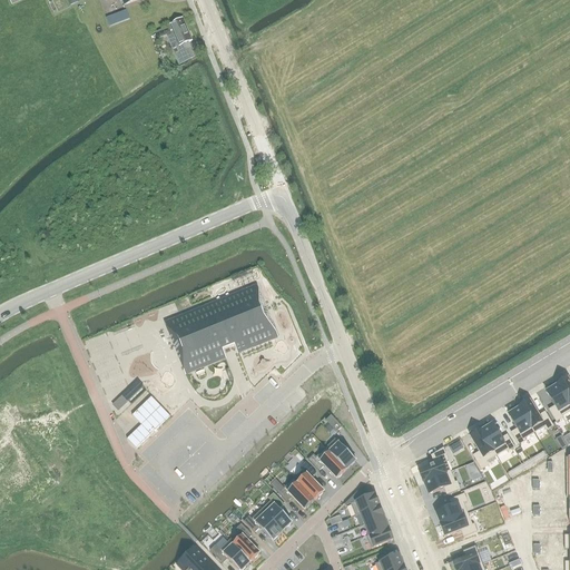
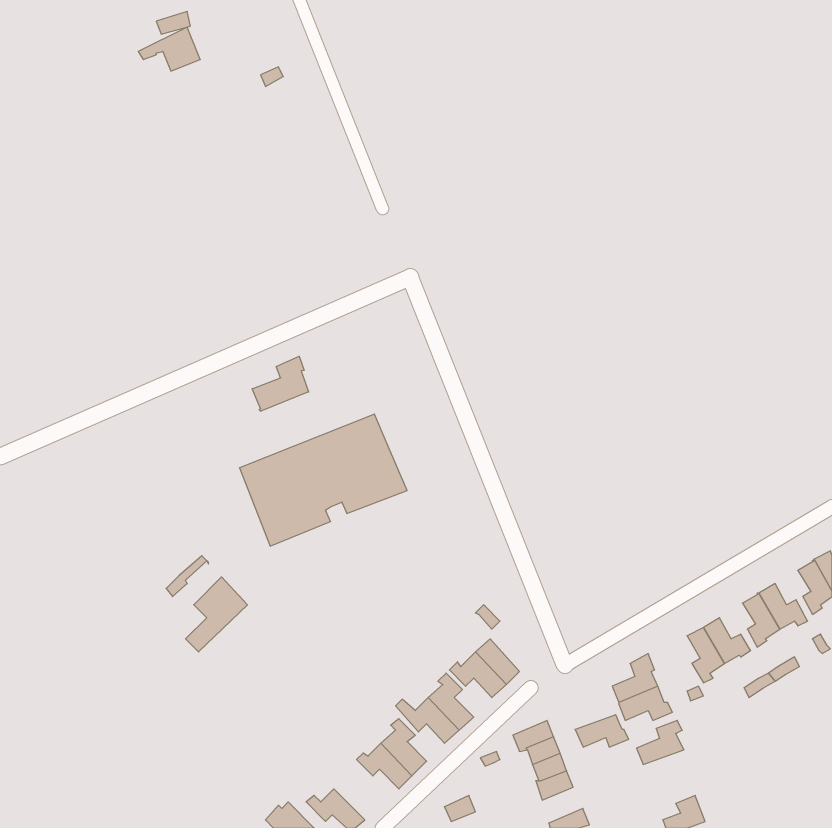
building: [149,16,191,46] -> [138,27,200,71]
building: none -> [252,356,309,411]
building: [440,512,476,534] -> [575,715,629,747]
building: [228,522,259,560] -> none

